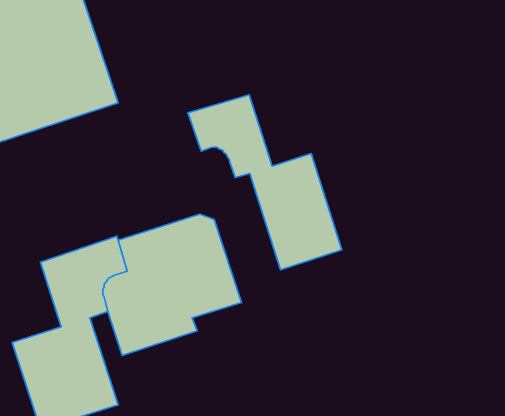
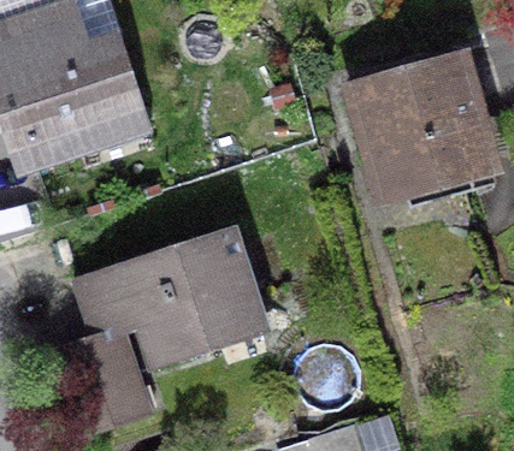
building: none -> [358,61,492,196]
building: [188,95,342,270] -> none

